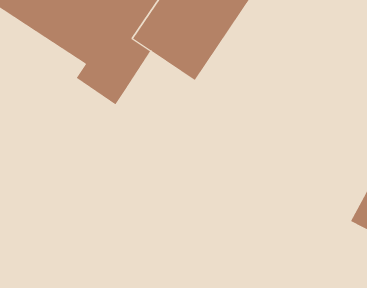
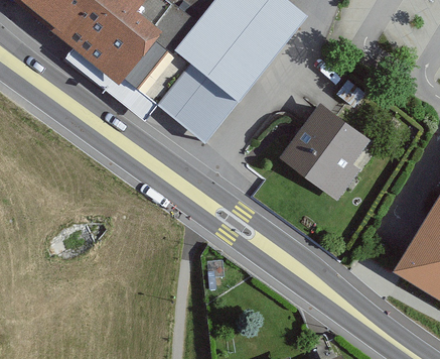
building: none -> [161,69,237,143]
building: none -> [277,100,374,203]

